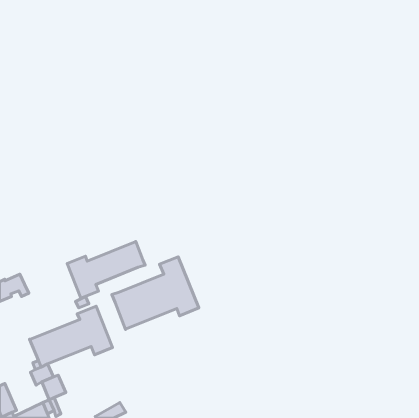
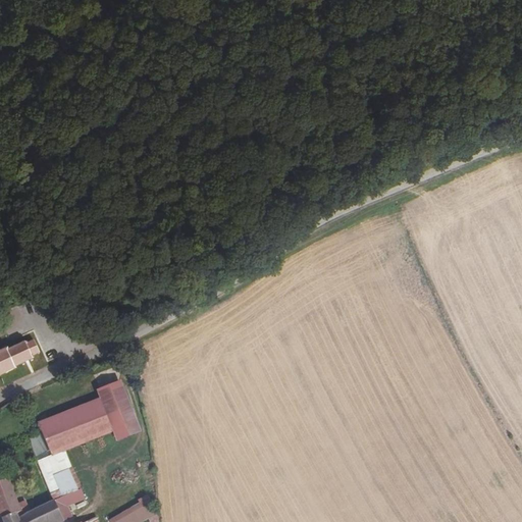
building: [67,241,145,298] -> none
building: [112,257,199,329] -> none

